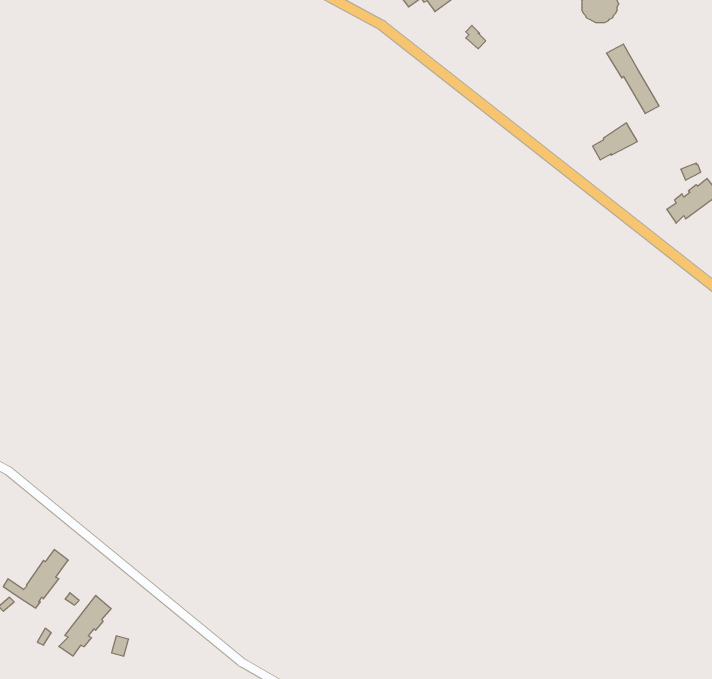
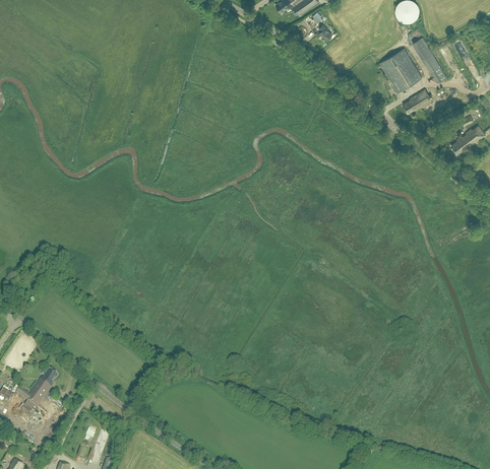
building: none -> [378,47,421,91]
building: [59,595,111,656] -> none

